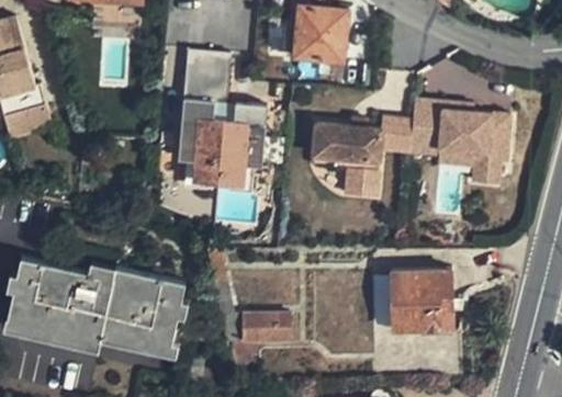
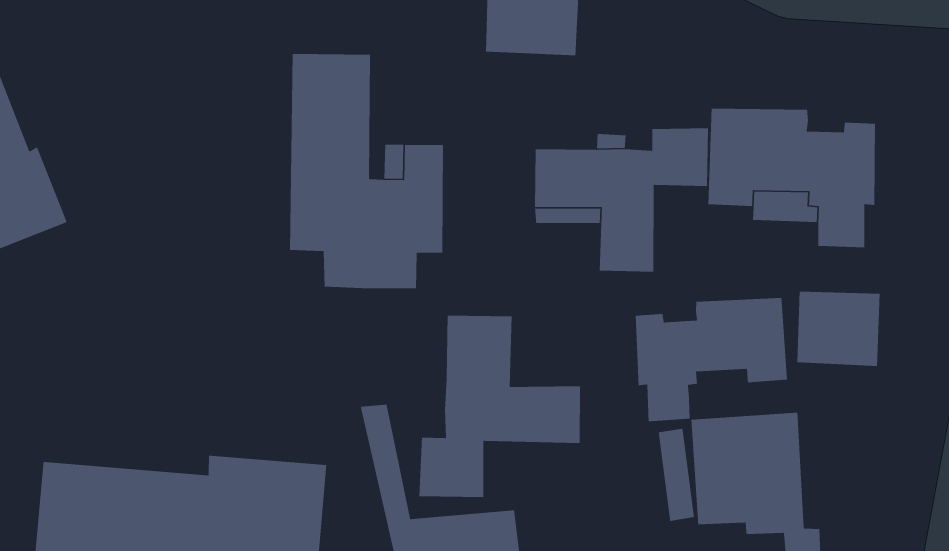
building: none -> [418,315,581,498]
building: none -> [796,291,880,367]
building: none -> [635,297,788,422]

